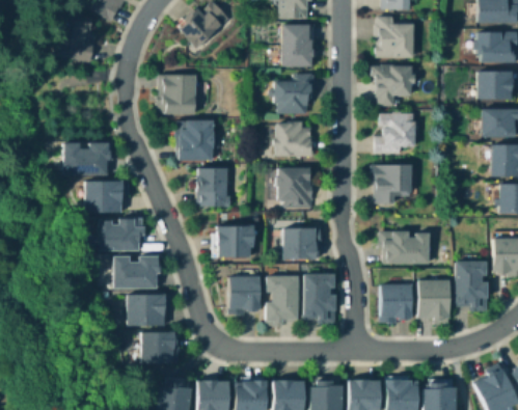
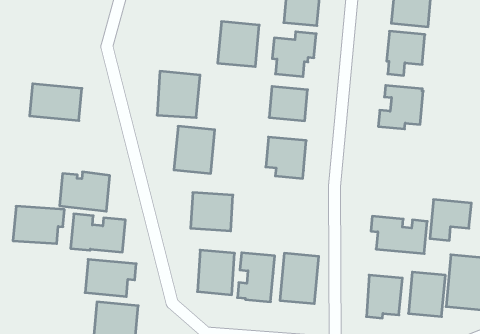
building: [159,74,193,111] -> [218,22,259,67]
building: [378,168,412,203] -> [430,200,471,240]
building: [84,181,128,213] -> [13,206,64,244]
building: [280,227,316,258] -> none

